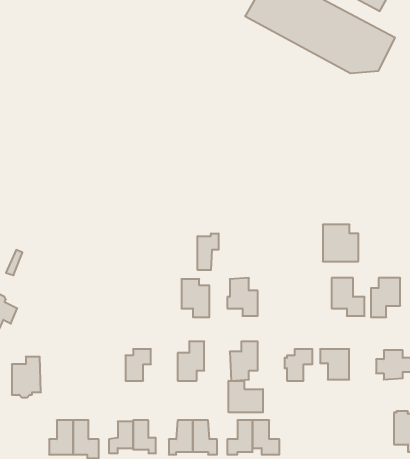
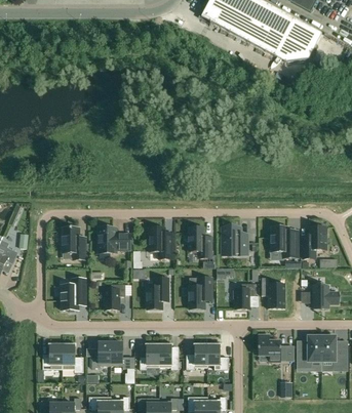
building: [323,225,358,261] -> [221,225,249,255]
building: [198,233,219,270] -> none
building: none -> [63,228,85,259]
building: none -> [99,228,130,252]
building: [12,357,41,397] -> [62,279,85,312]
building: [229,381,263,412] -> none
building: none -> [259,334,286,361]
building: none -> [297,334,321,367]

